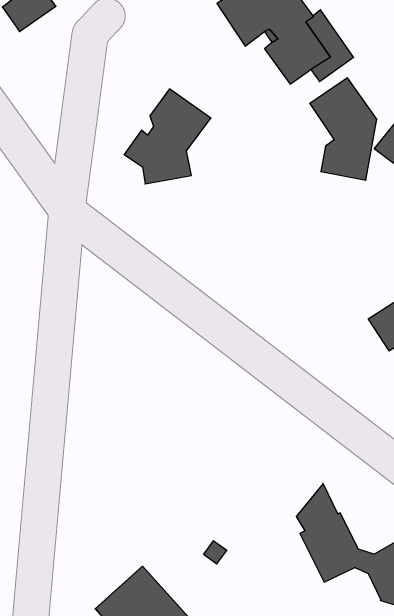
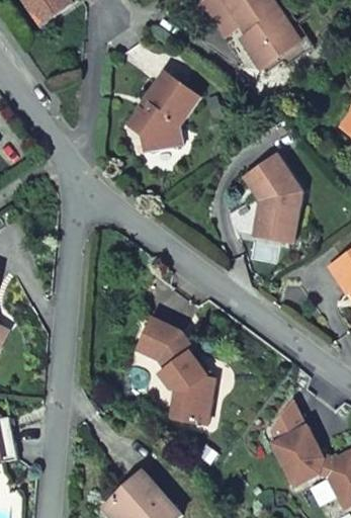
building: [310,78,377,180] -> [244,154,299,239]
building: none -> [138,318,213,424]

